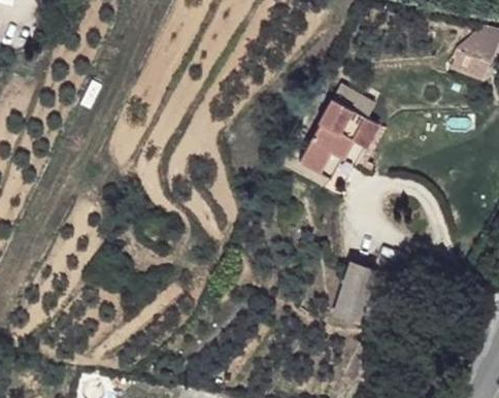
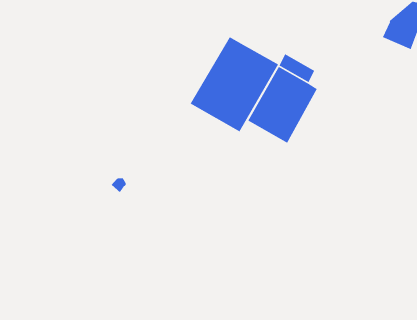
building: none -> [190,36,279,133]
building: [332,262,376,325] -> none

